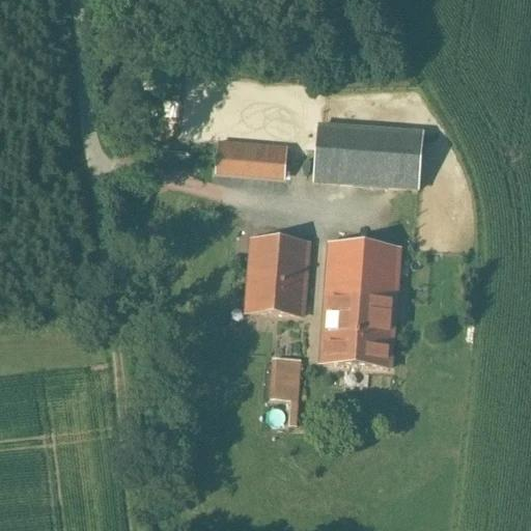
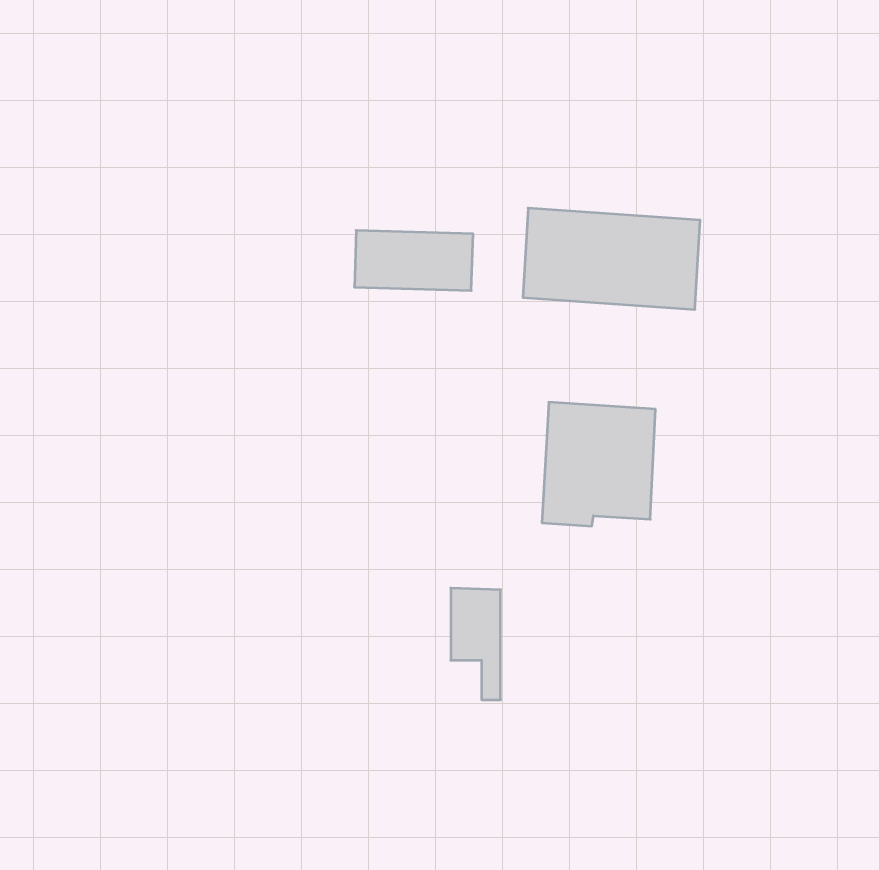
building: [248,237,306,314] -> none
building: [324,311,392,367] -> none

